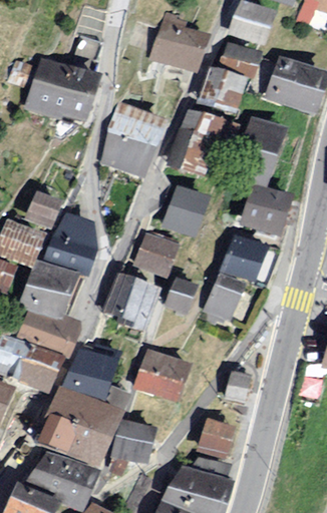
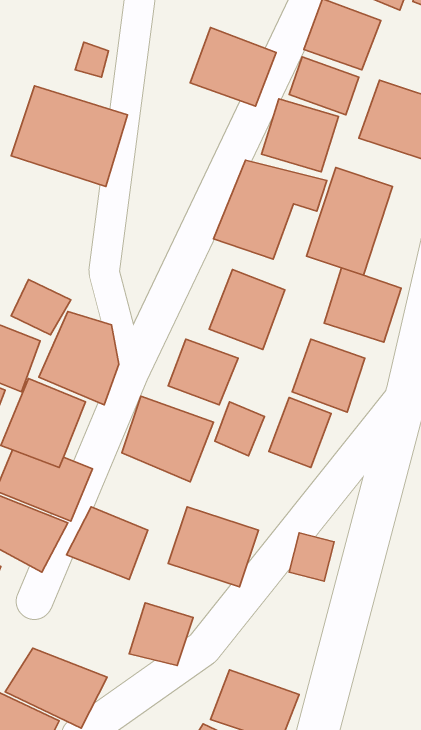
building: [101,104,171,179] -> none
building: [37,387,117,463] -> none
building: [198,418,238,459] -> none

